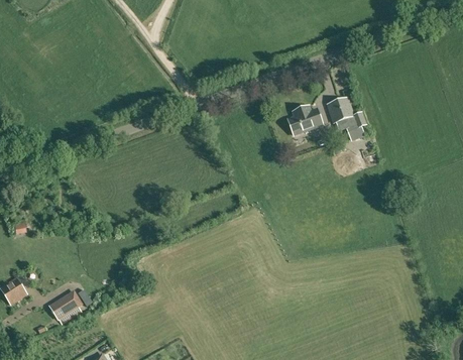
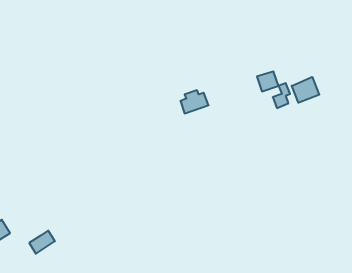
building: none -> [292,77,319,103]
building: [287,106,322,134] -> [180,90,209,113]

